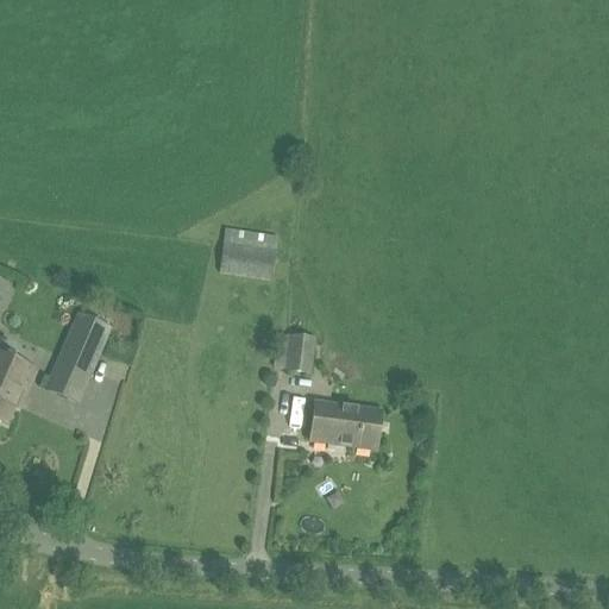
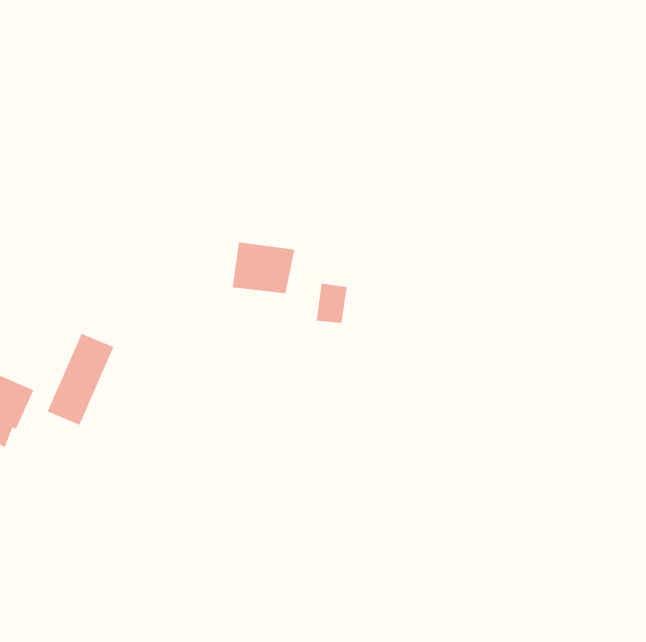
building: [284,333,314,371] -> [316,283,347,324]
building: [309,401,379,447] -> none

